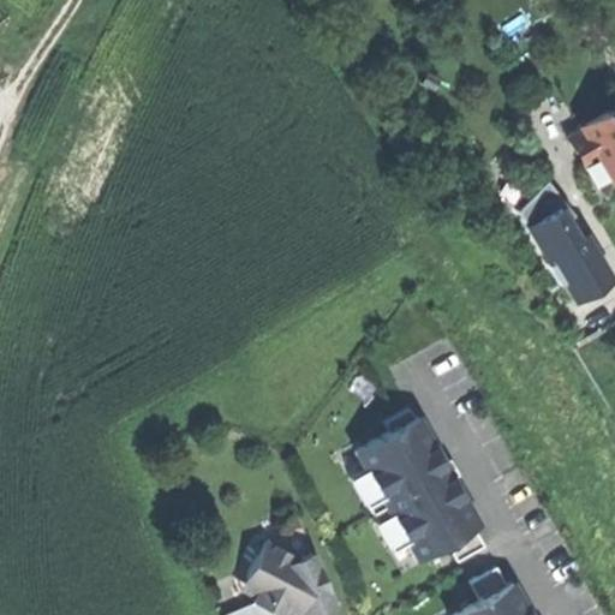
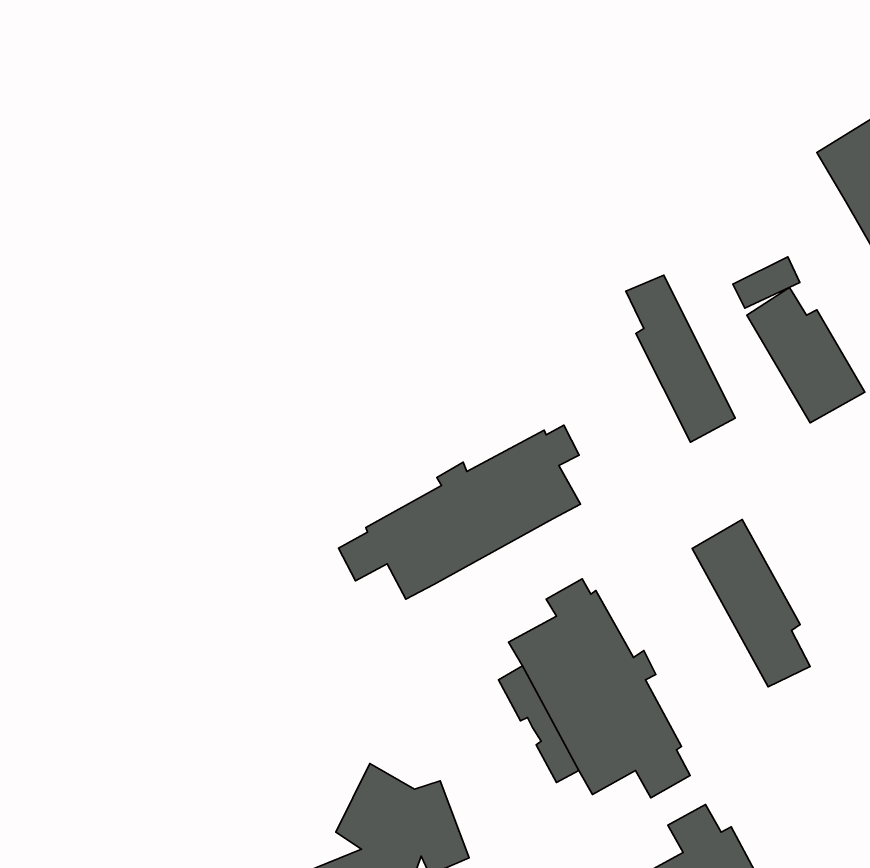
building: none -> [626,275,735,442]
building: none -> [338,425,581,599]
building: none -> [692,519,810,687]

